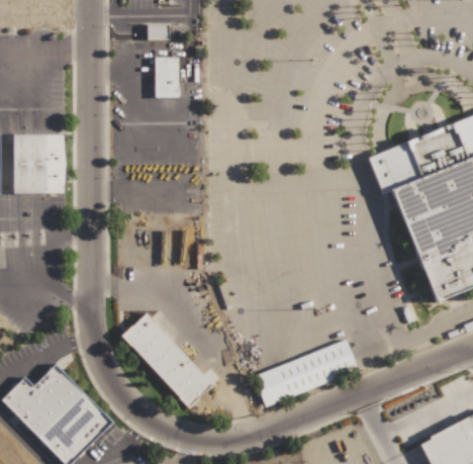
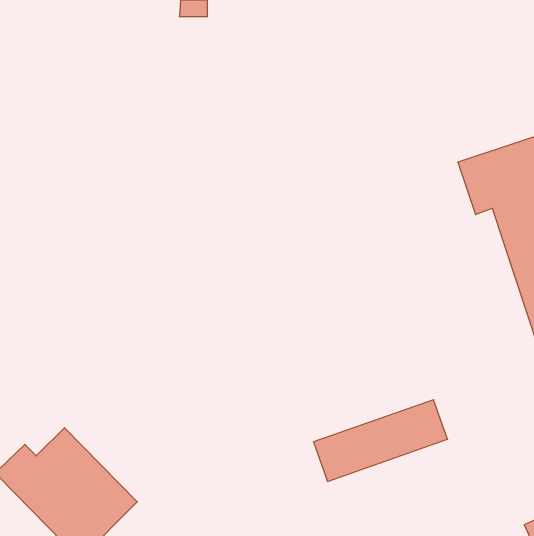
building: [155,57,179,97] -> none
building: [12,133,66,193] -> none
building: [121,312,219,407] -> none

